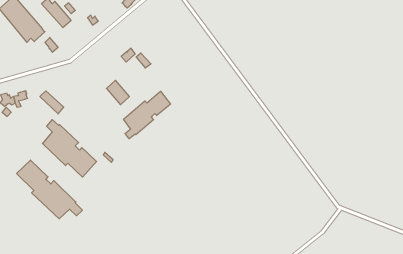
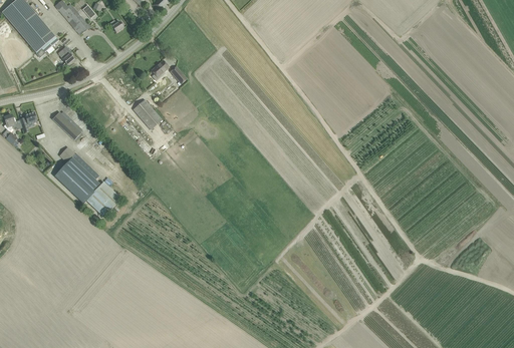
building: [124,91,171,139] -> none
building: [17,160,82,219] -> none

